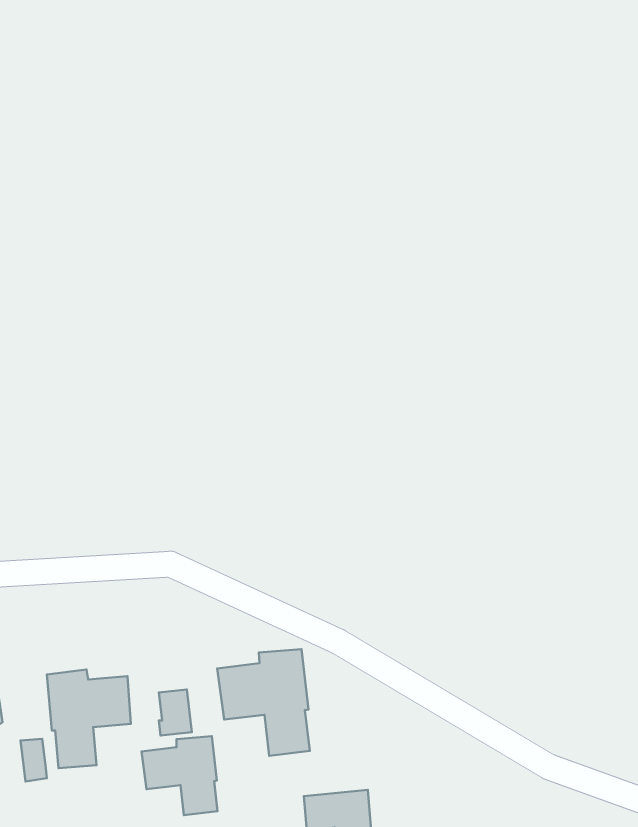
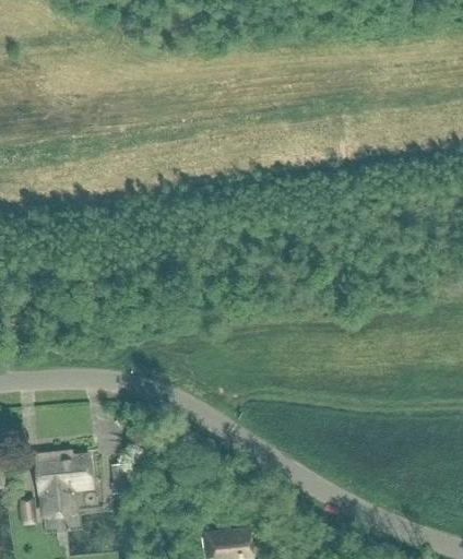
building: [217,649,310,756] -> none
building: [141,736,218,815] -> none

